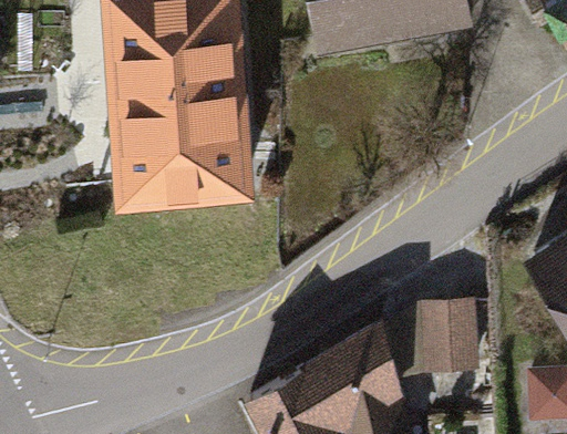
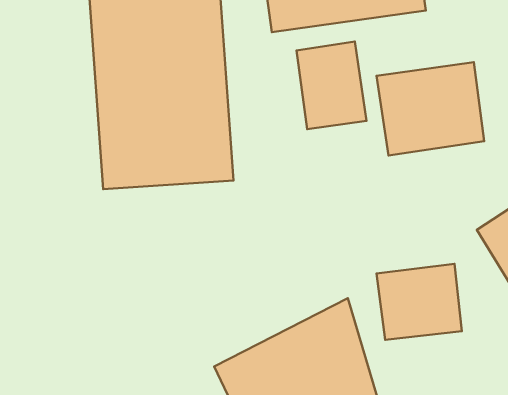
building: none -> [297,41,366,129]
building: none -> [376,62,484,155]

